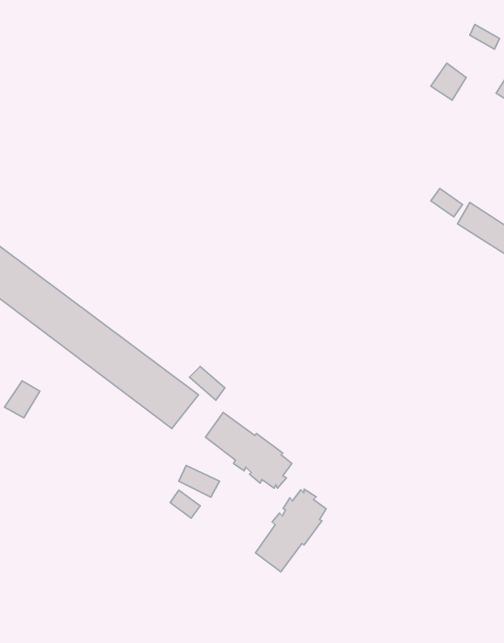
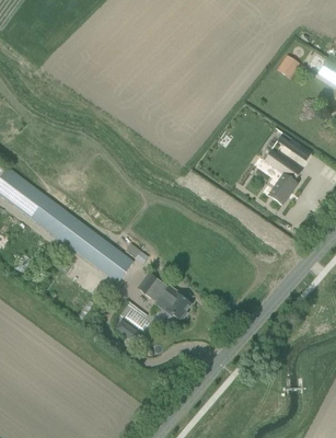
building: none -> [264,149,302,205]
building: [255,489,326,572] -> none

